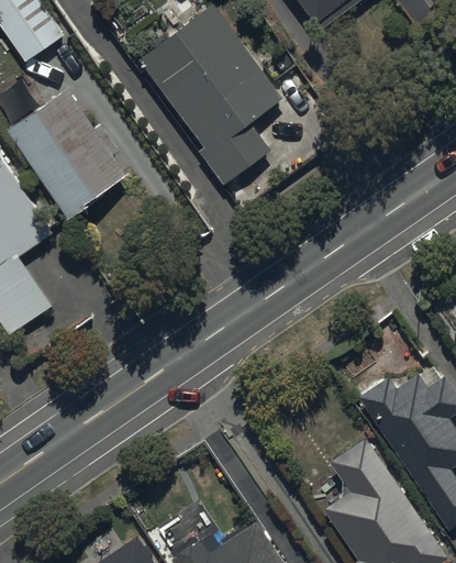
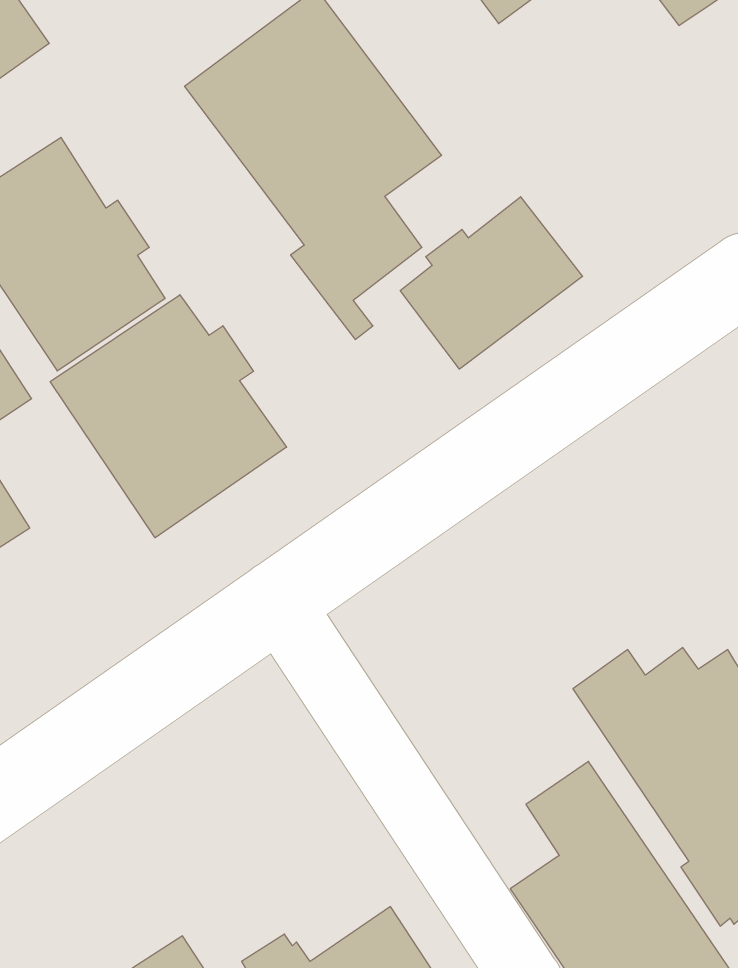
building: none -> [400,197,583,369]
building: none -> [50,295,287,538]

